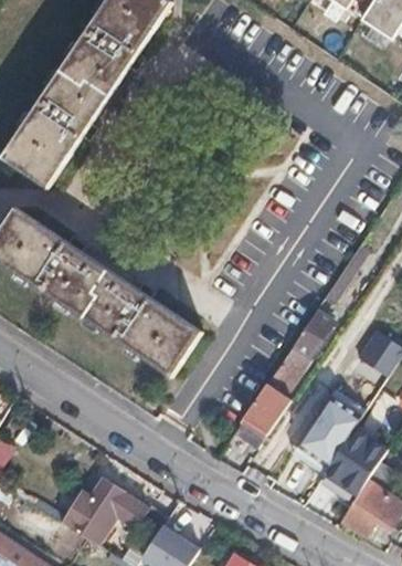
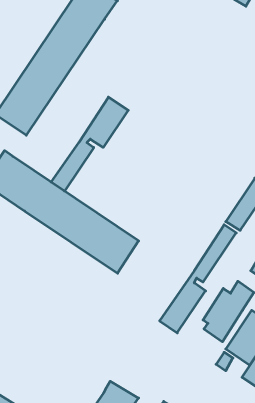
building: none -> [51,97,128,191]
building: [63,474,168,544] -> none

